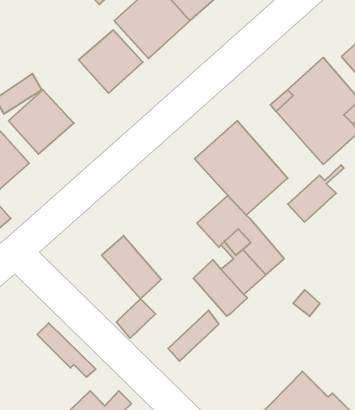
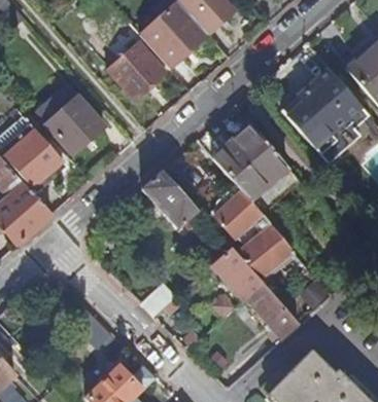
building: [288,165,344,222] -> none
building: [102,236,161,299] -> [142,172,196,228]
building: none -> [245,283,298,342]

